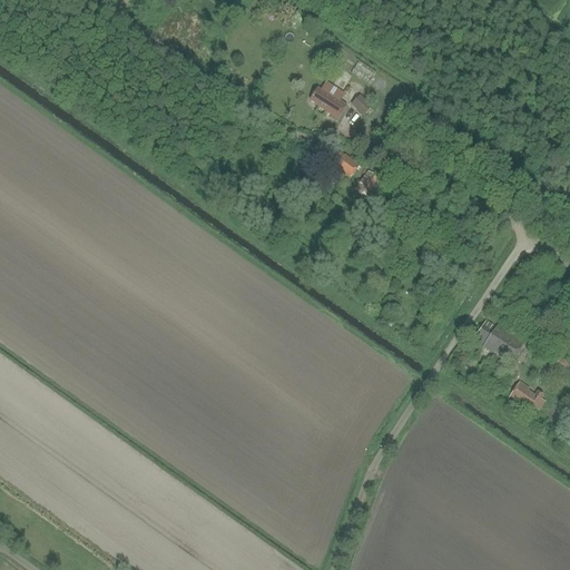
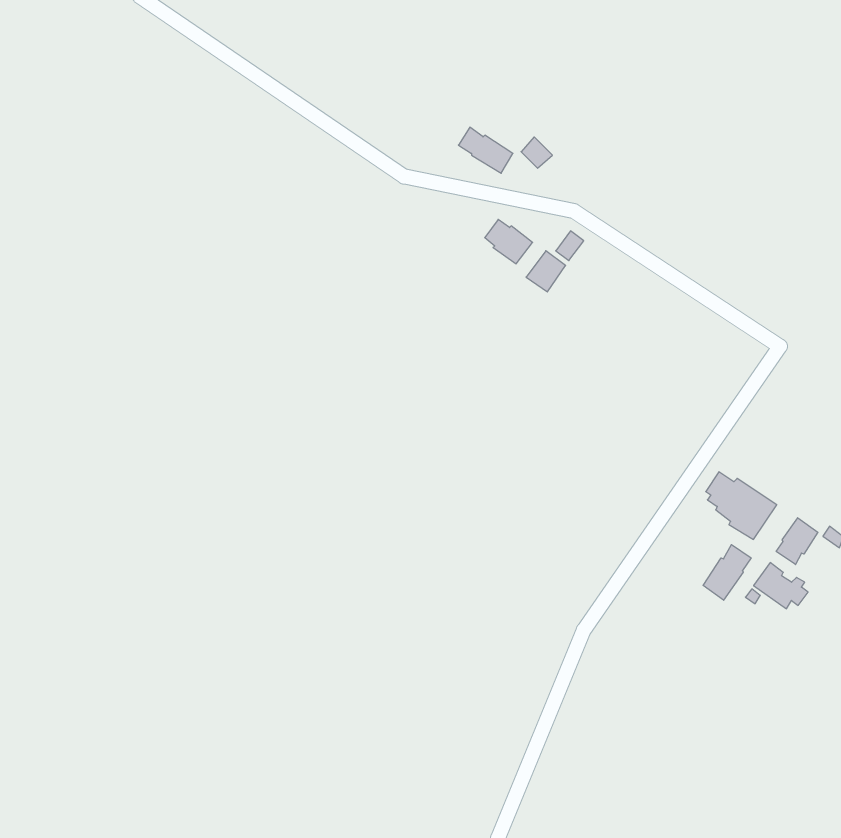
building: none -> [776,518,818,565]
building: none -> [703,545,751,600]

